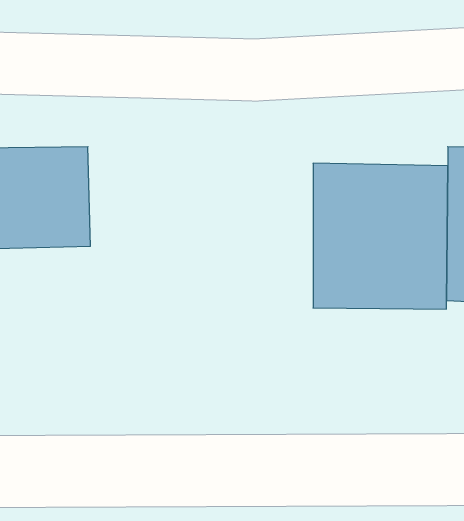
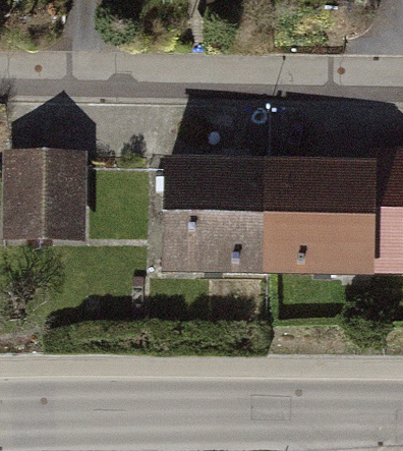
building: none -> [163,156,266,274]

